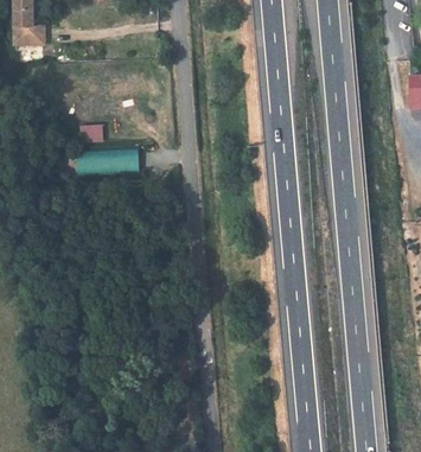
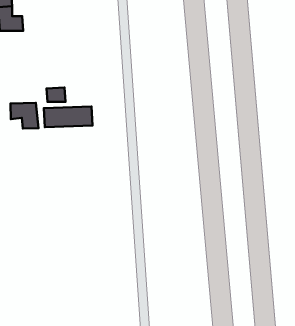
building: none -> [10,103,38,129]

